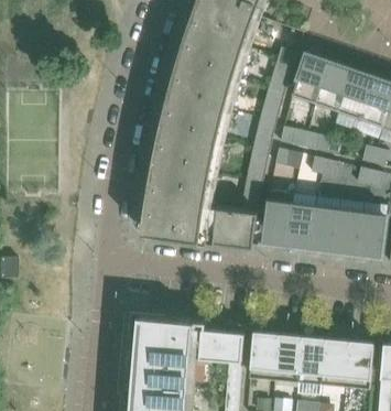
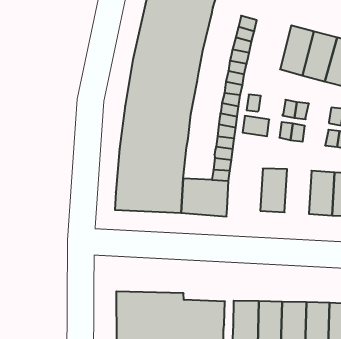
building: [290,52,329,104] -> none
building: [260,191,292,244] -> none
building: [309,204,339,250] -> none

